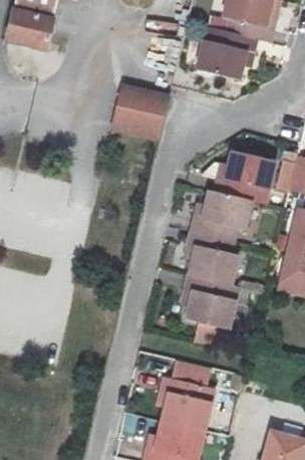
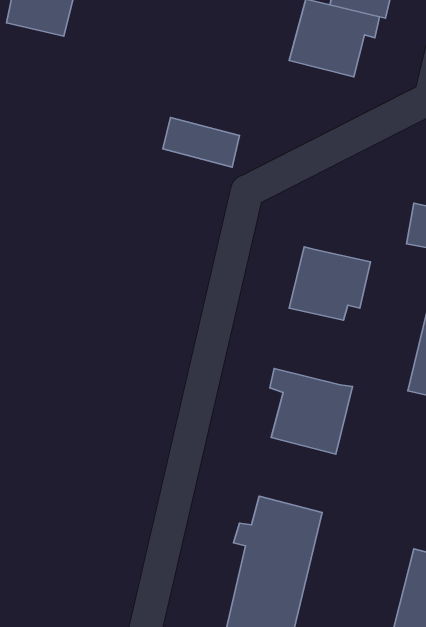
building: [117,85,169,117] -> none
building: [215,152,274,204] -> none
building: [187,232,238,283] -> none

